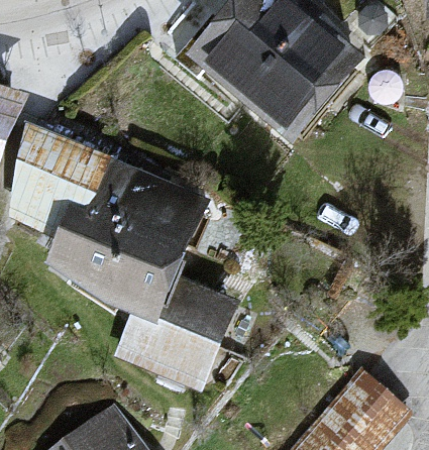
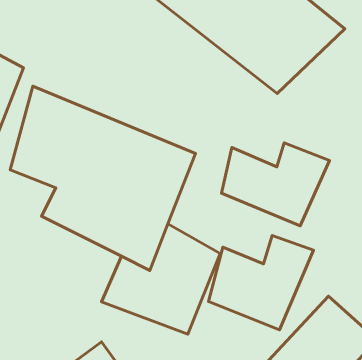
building: none -> [221,143,330,226]
building: none -> [209,235,313,330]

